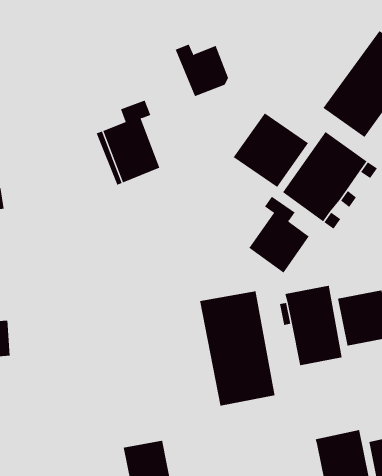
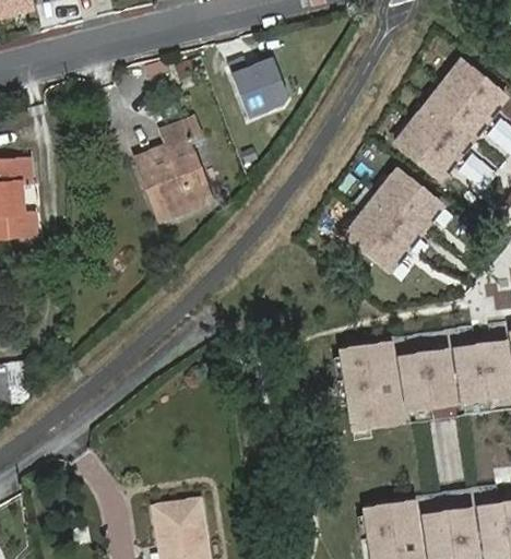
building: [233,112,309,188] -> none
building: [248,196,310,273] -> none
building: [199,291,275,407] -> none

